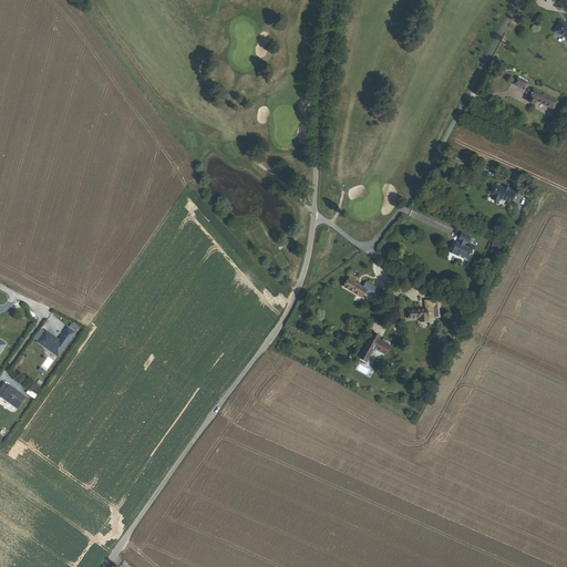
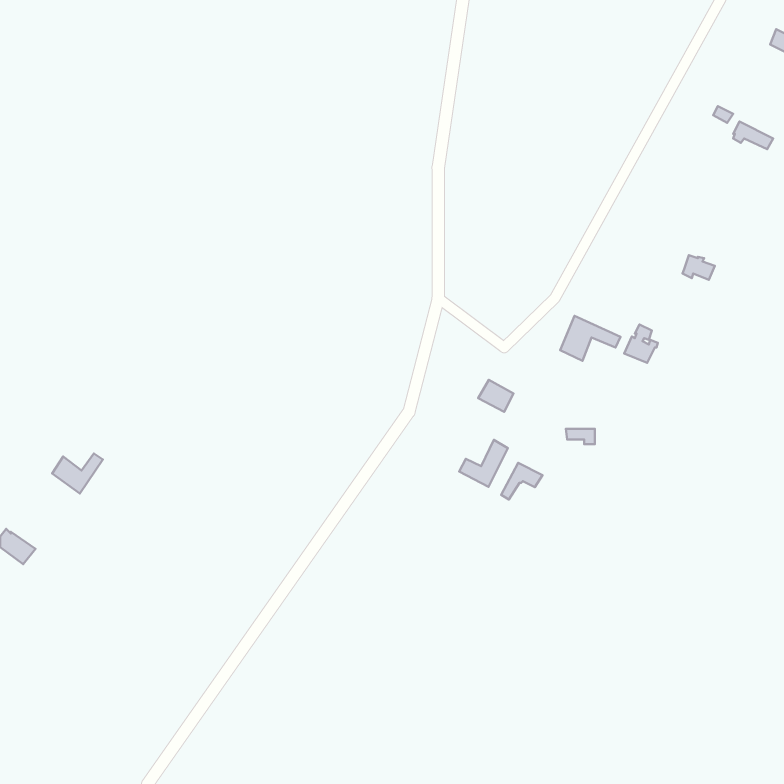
building: none -> [560,316,621,361]
building: none -> [459,440,508,487]

